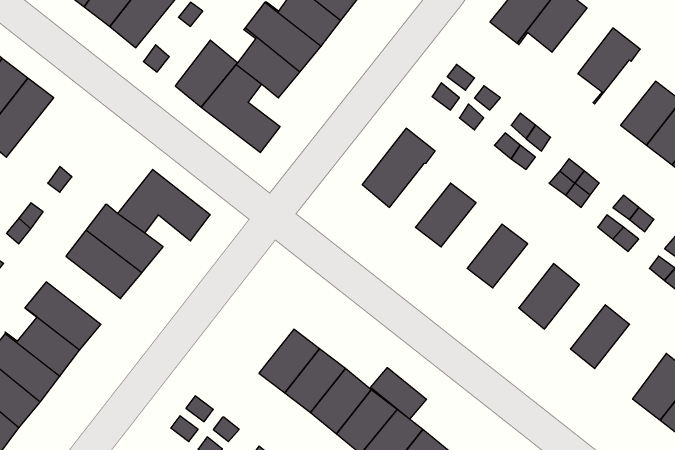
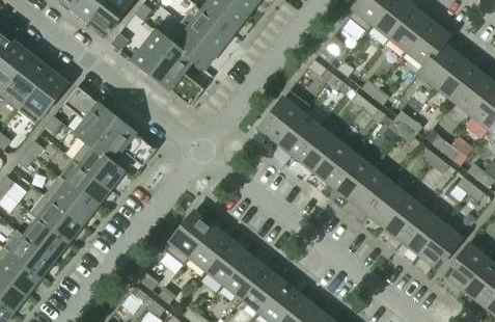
building: none -> [389,7,431,52]
building: none -> [418,43,460,87]
building: none -> [17,69,67,124]
building: none -> [62,85,116,147]
building: none -> [278,113,320,157]
building: none -> [313,140,355,185]
building: none -> [349,168,390,212]
building: none -> [44,177,94,223]
building: none -> [384,196,425,240]
building: none -> [163,211,213,265]
building: none -> [418,223,461,268]
building: [371,368,426,419] -> none

